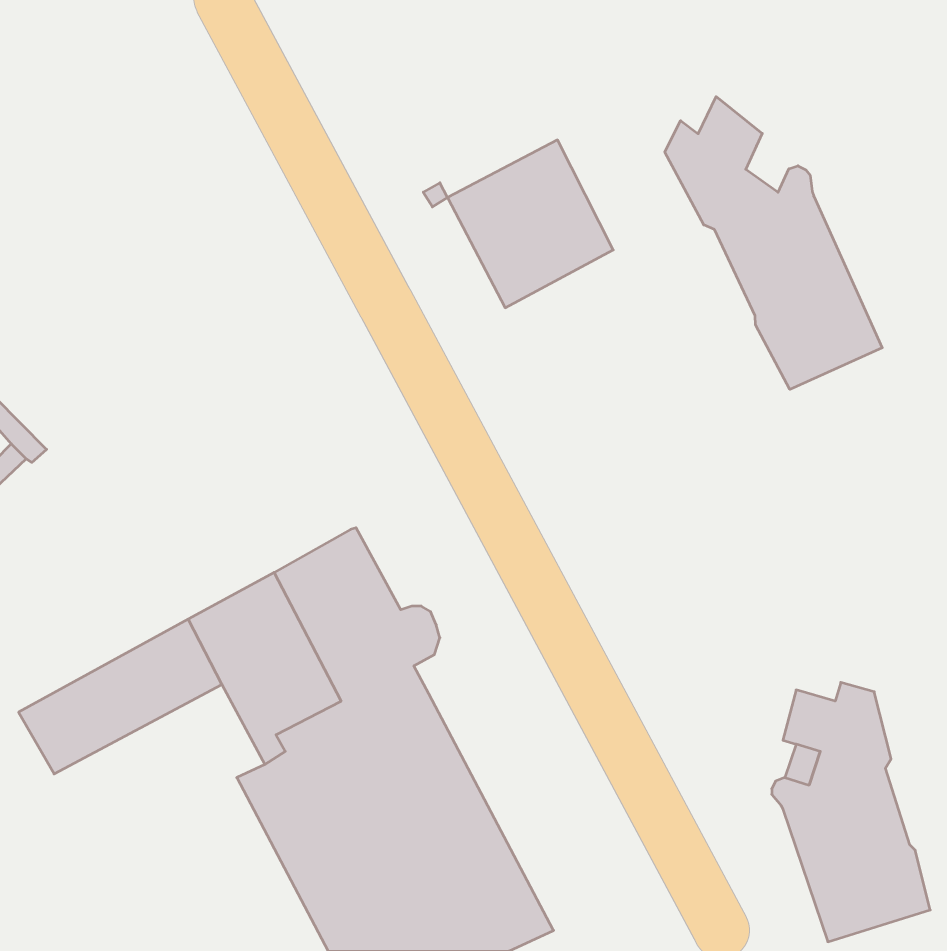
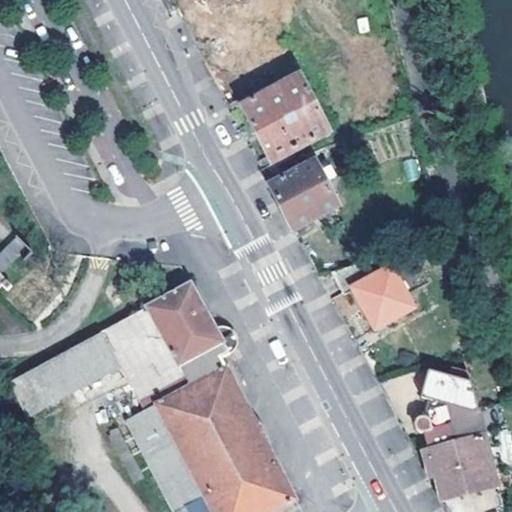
building: [665,97,882,389] -> none
building: none -> [263,157,339,230]
building: none -> [335,256,414,330]

